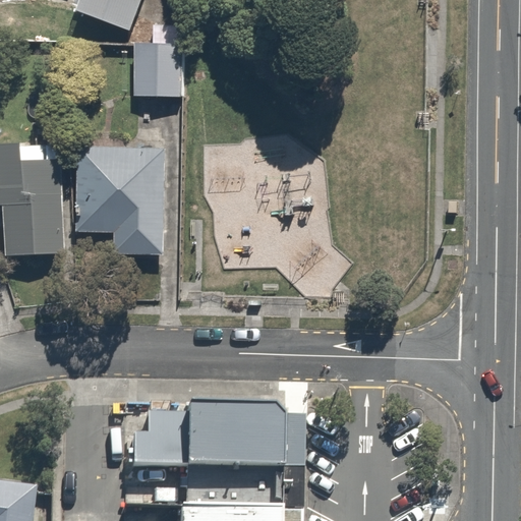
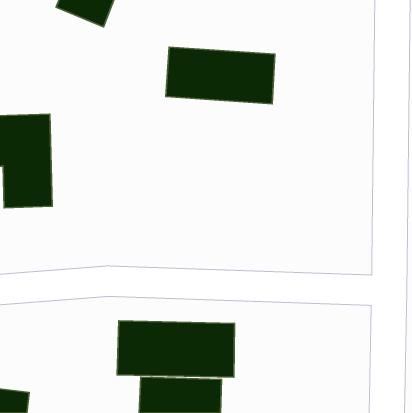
building: [131,21,183,100] -> none
building: none -> [166,47,275,104]
building: [74,143,166,254] -> none

